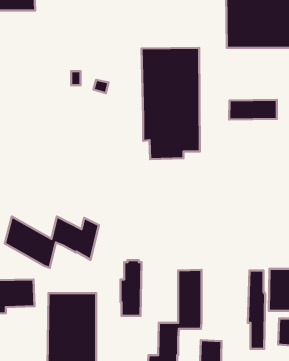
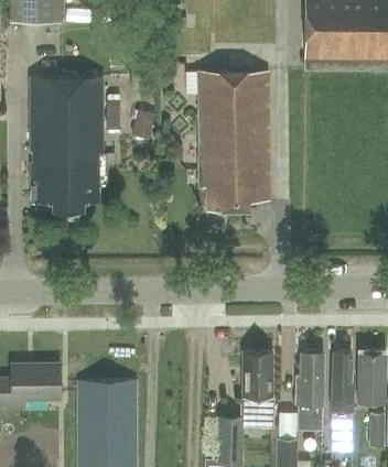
building: none -> [30,75,107,213]
building: [229,100,277,119] -> none
building: [5,216,99,268] -> none
building: [121,260,141,316] -> [297,350,323,421]

